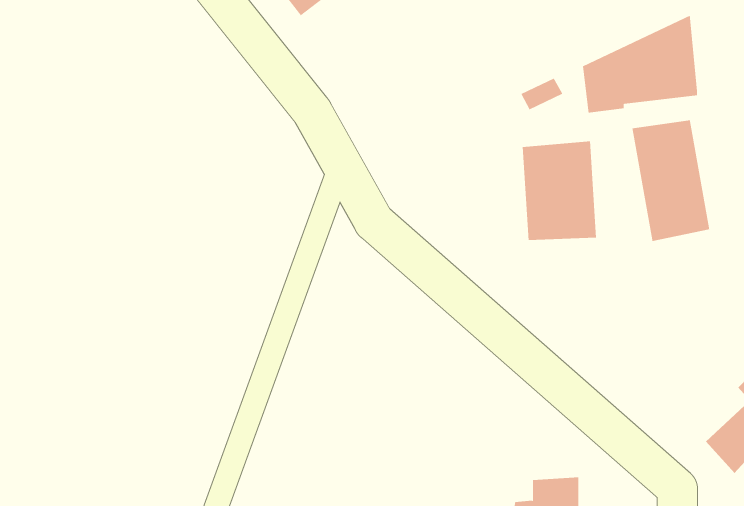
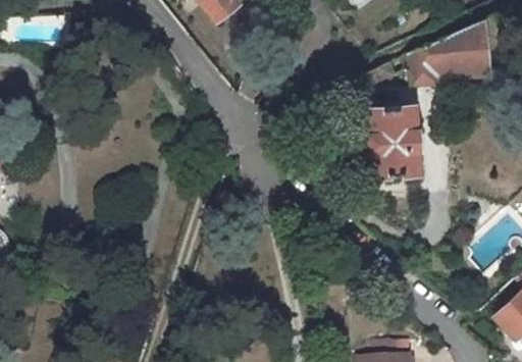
building: [632,119,710,242] -> none

